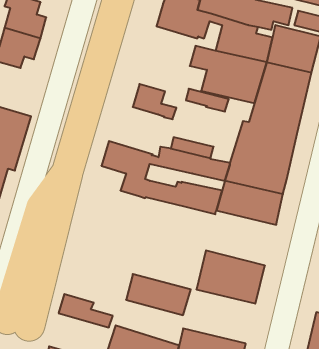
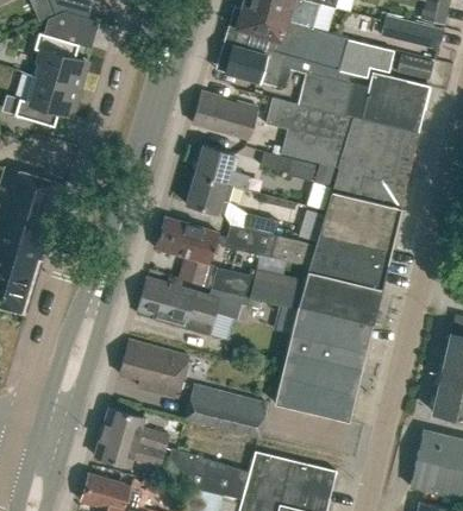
building: none -> [193,93,256,139]
building: none -> [184,175,233,215]
building: none -> [137,278,259,339]
building: none -> [286,304,374,373]
building: none -> [119,340,189,397]
building: none -> [94,433,164,467]

